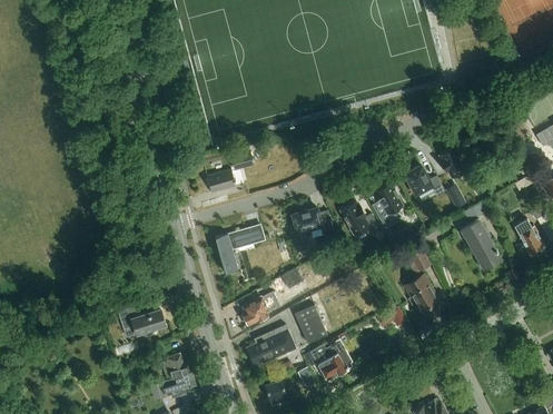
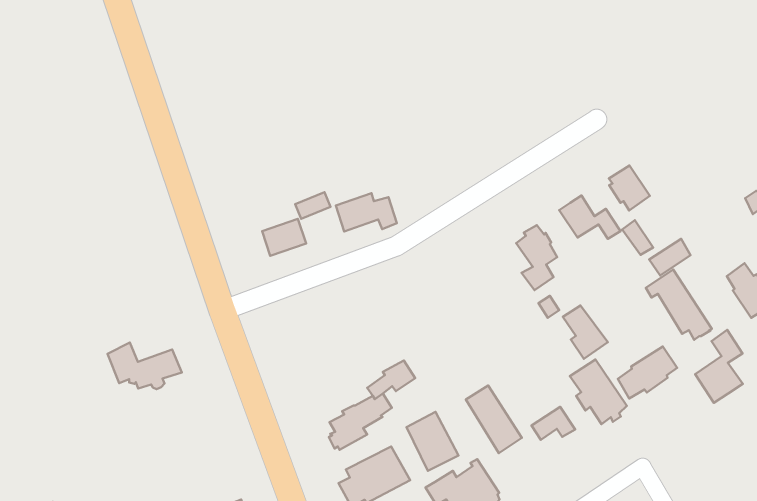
building: [340,203,377,235] -> none
building: [293,208,333,233] -> [336,193,397,232]
building: [215,228,253,274] -> none
building: none -> [695,330,743,403]
building: none -> [618,346,677,399]
building: none -> [466,386,522,453]
building: [117,303,166,335] -> [107,342,182,389]

